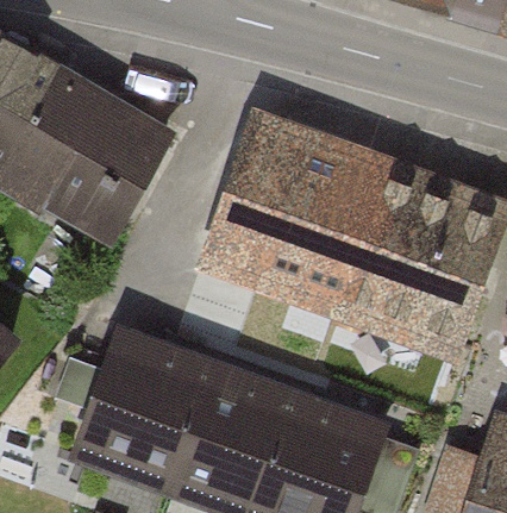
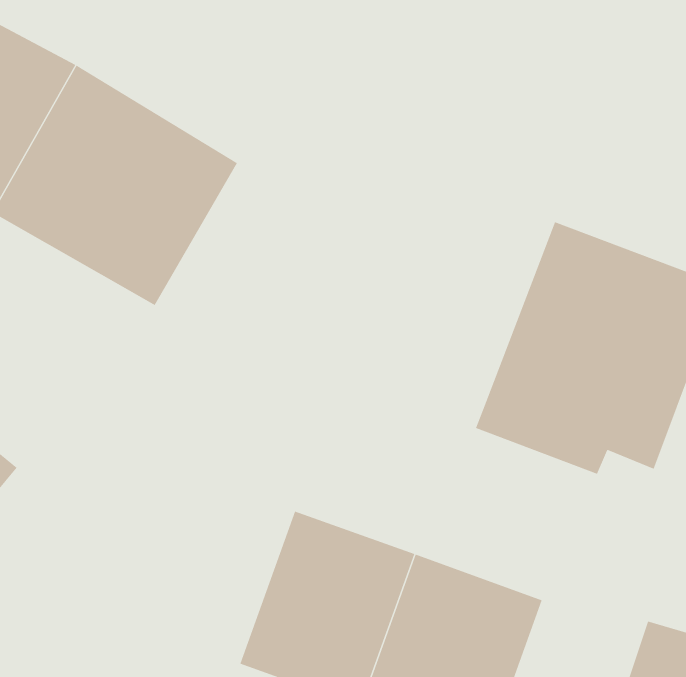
building: [232,132,386,299] -> none
building: [79,339,206,477] -> none

